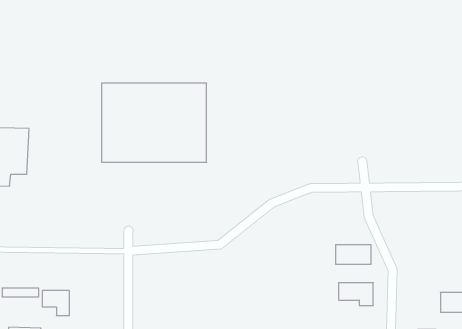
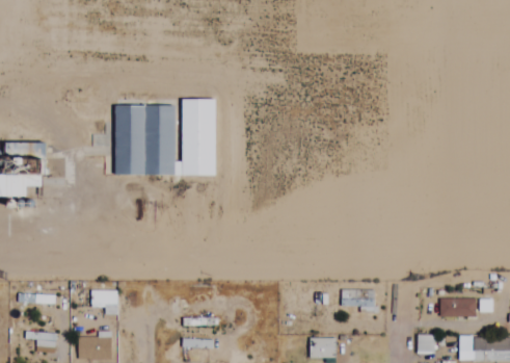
building: [336,245,371,264] -> none
building: [42,291,69,316] -> [91,290,117,314]

